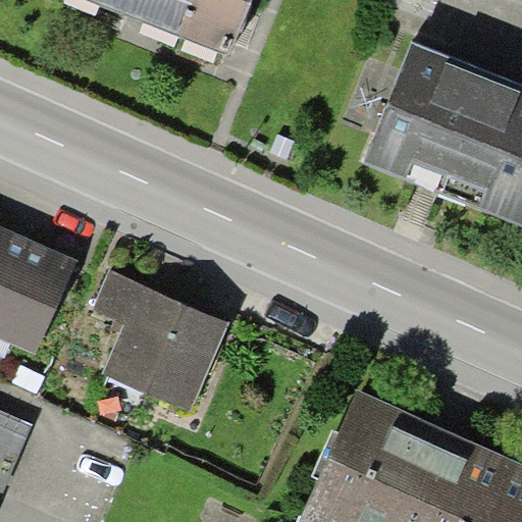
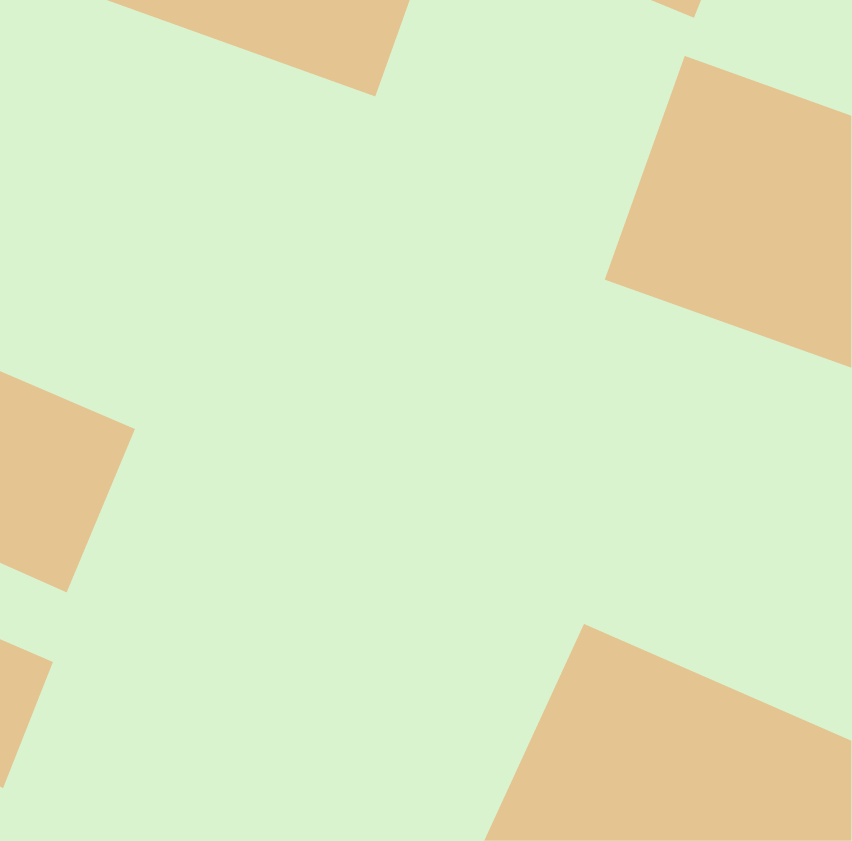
building: [92,271,229,420] -> none

